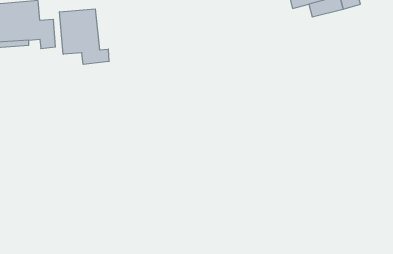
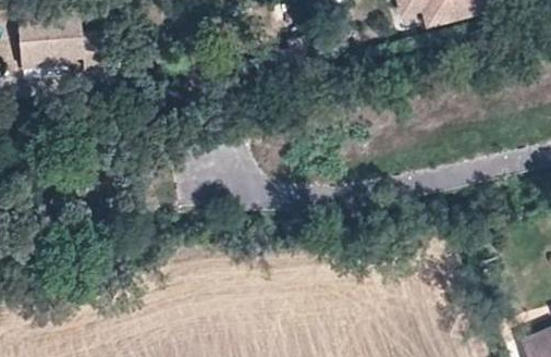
building: [60,9,109,64] -> none

